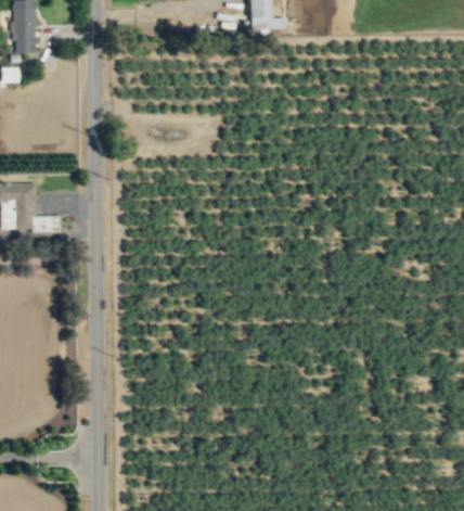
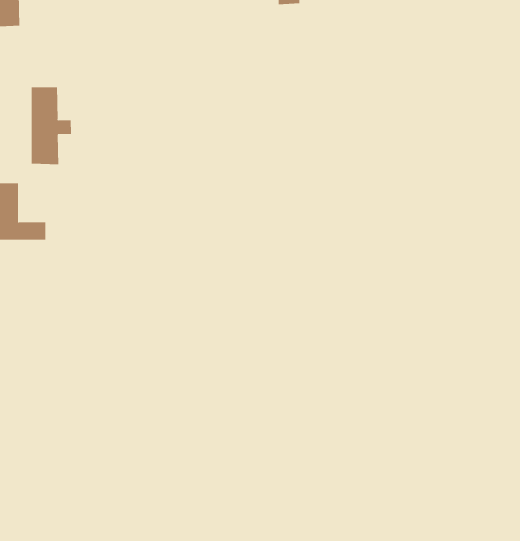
building: none -> [31,86,72,165]

